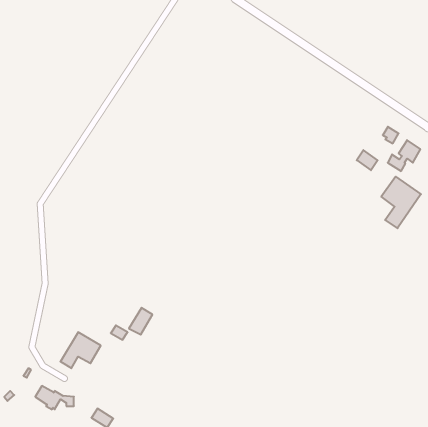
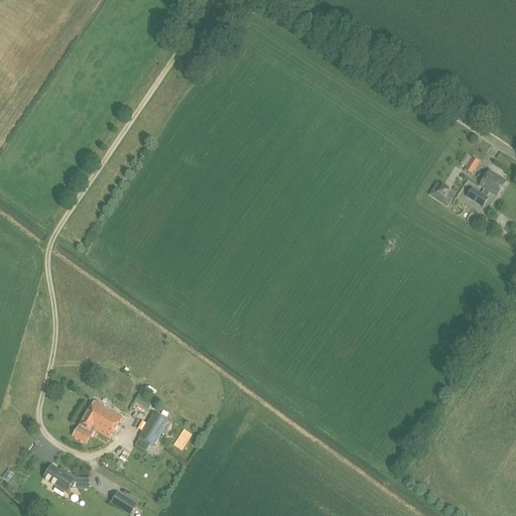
building: [381,177,421,228] -> none
building: [129,308,152,335] -> [138,412,166,444]

